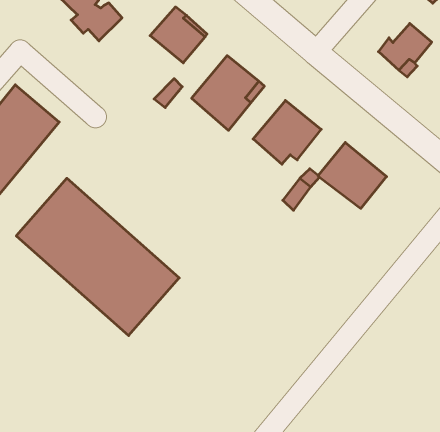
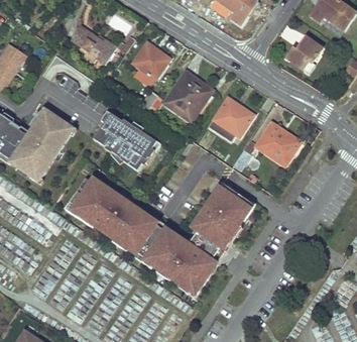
building: none -> [88,110,156,174]
building: none -> [190,181,255,251]
building: none -> [146,229,224,303]

